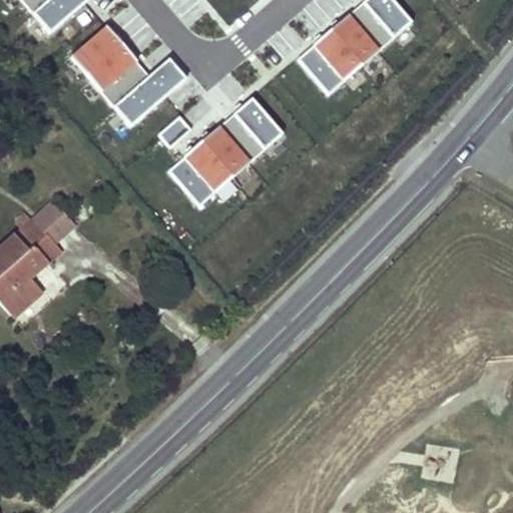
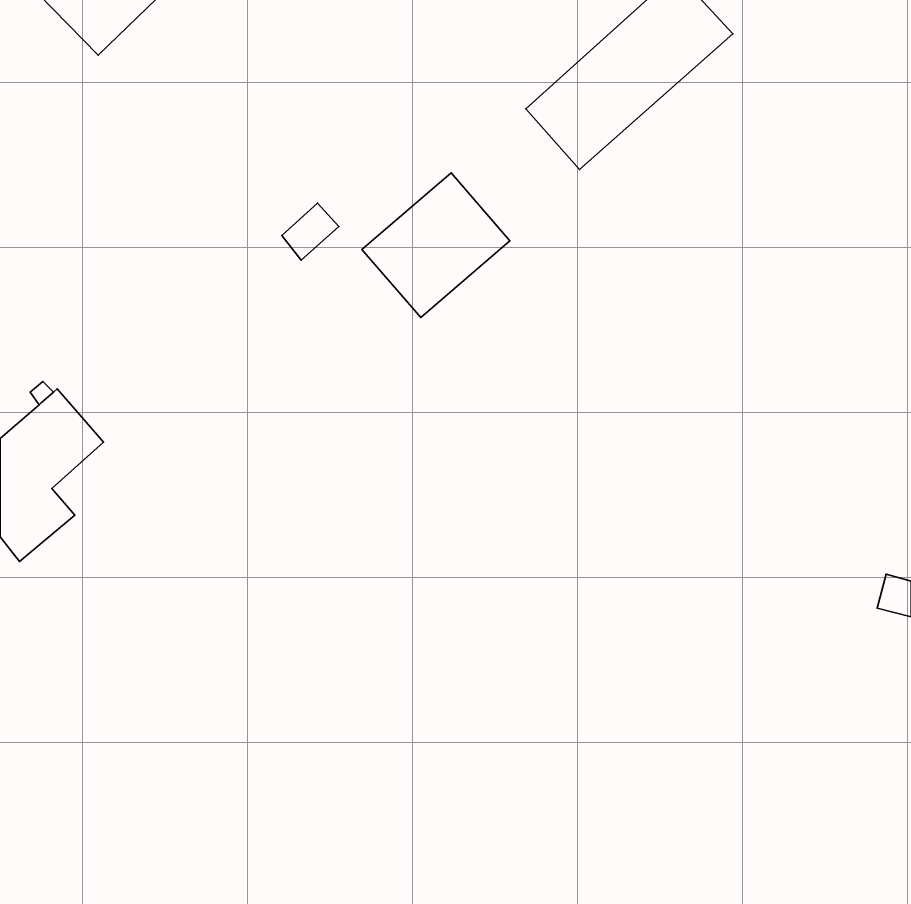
building: [70,23,185,123] -> none
building: [169,140,236,207] -> none
building: [32,199,72,241] -> none

